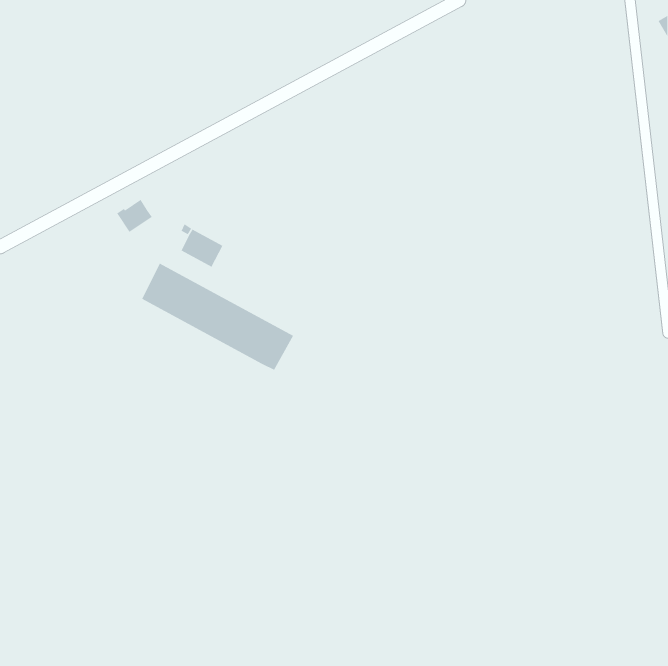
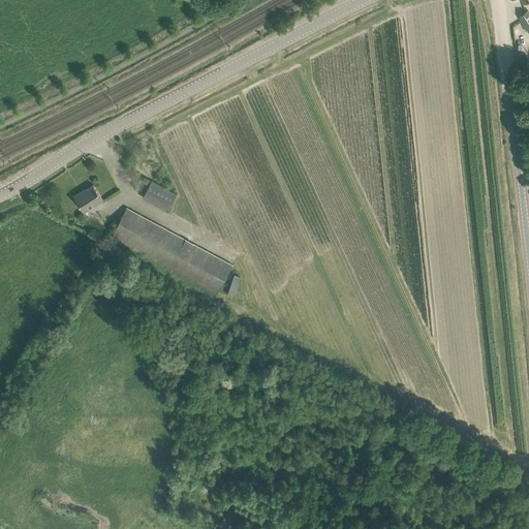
building: [116,199,153,233] -> [73,186,102,213]

